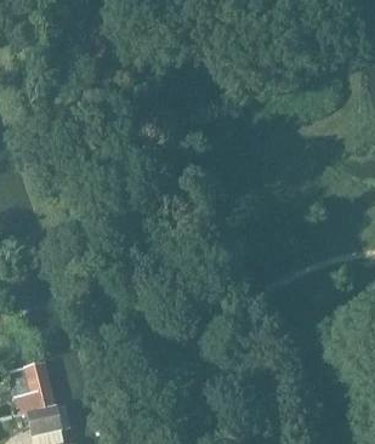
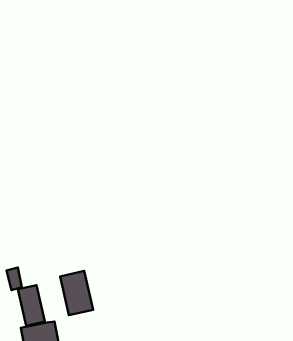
building: none -> [60,271,93,315]

